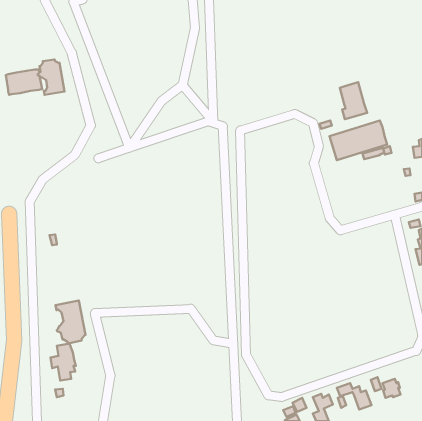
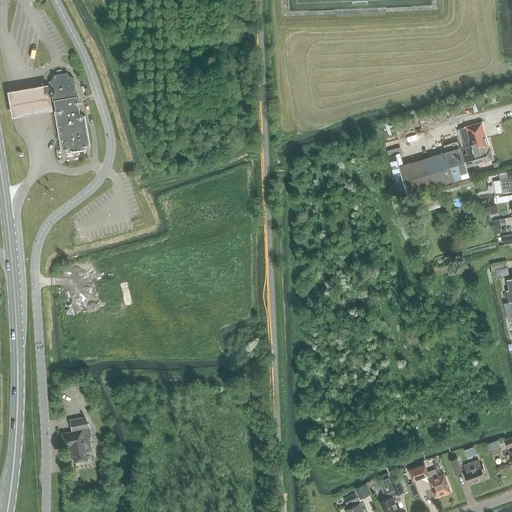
building: [340,82,367,119] -> [460,121,493,166]
building: none -> [54,111,89,153]
building: [56,301,86,344] -> none

